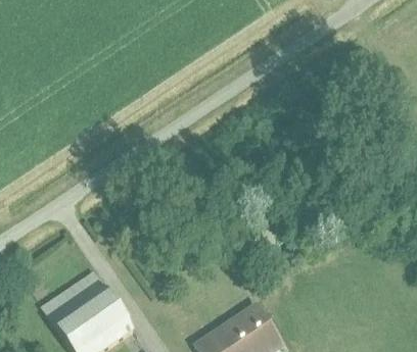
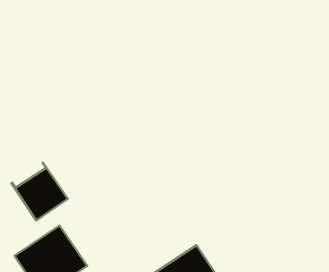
building: none -> [12,163,68,220]

